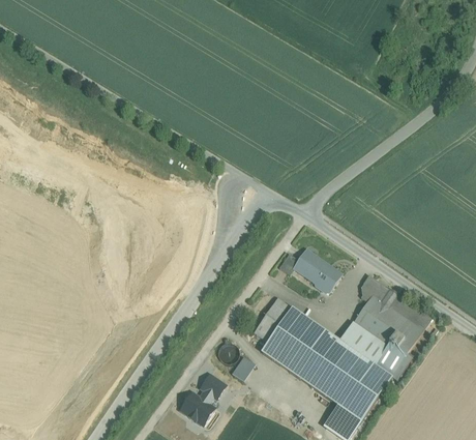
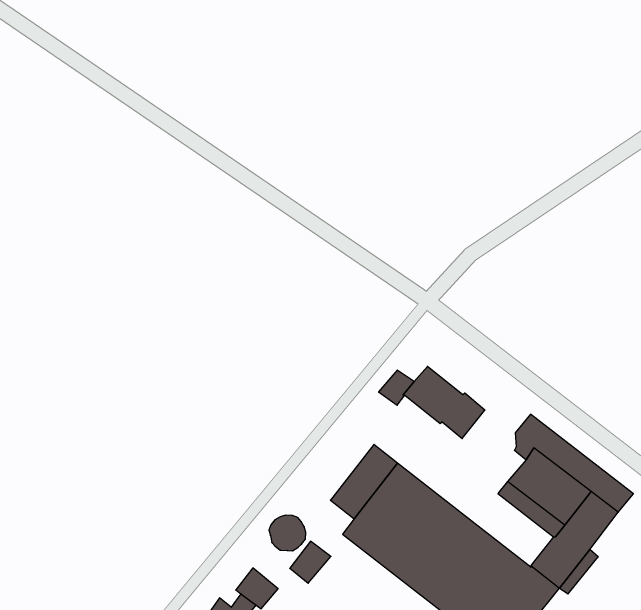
building: [339,322,386,364] -> none

